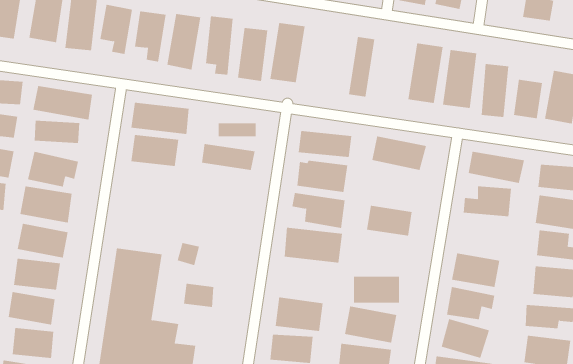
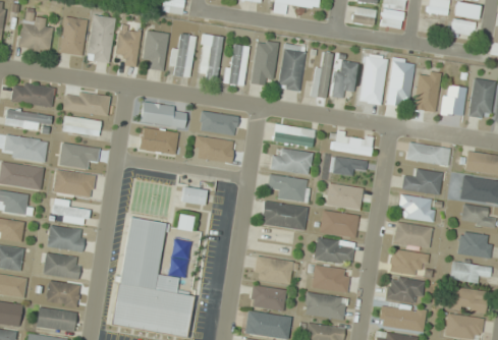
building: none -> [279,44,305,91]
building: none -> [331,55,357,99]
building: none -> [330,156,367,178]
building: none -> [397,194,437,222]
building: none -> [320,210,358,238]
building: [183,283,214,308] -> [181,186,206,206]

